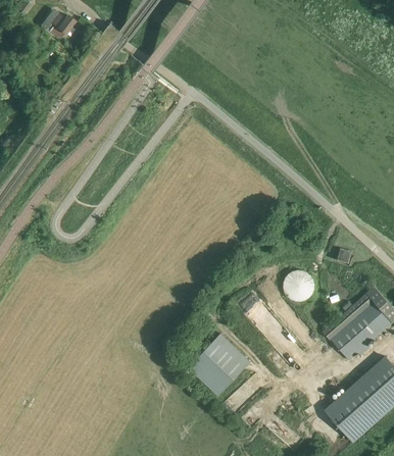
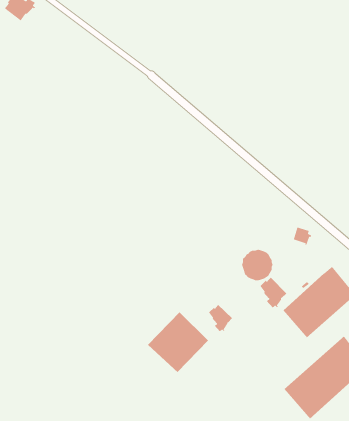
building: none -> [259,277,287,309]
building: none -> [208,304,233,332]

